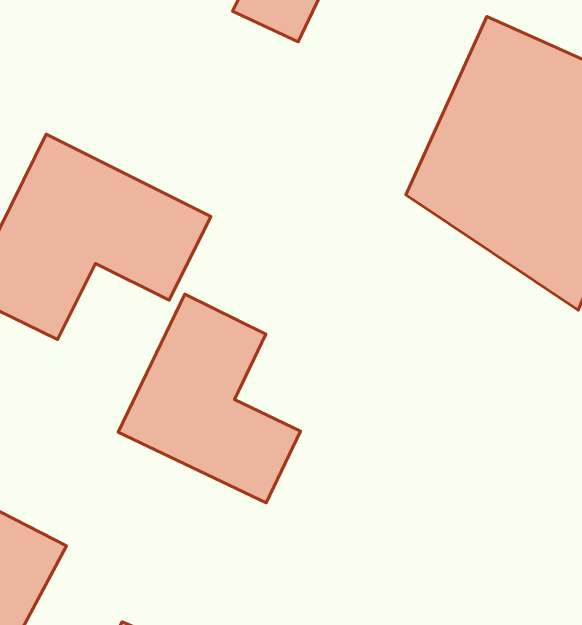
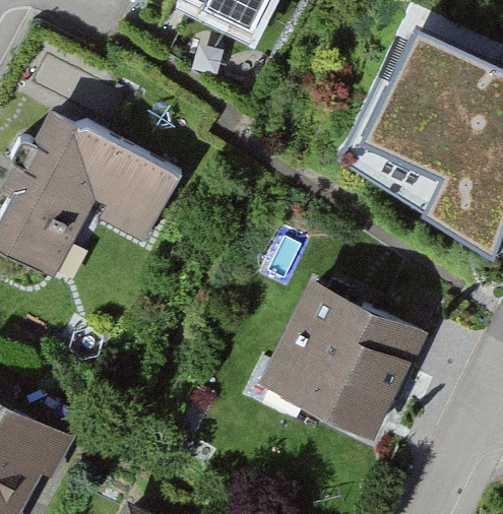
building: [118,294,301,503] -> none
building: none -> [251,282,428,453]

